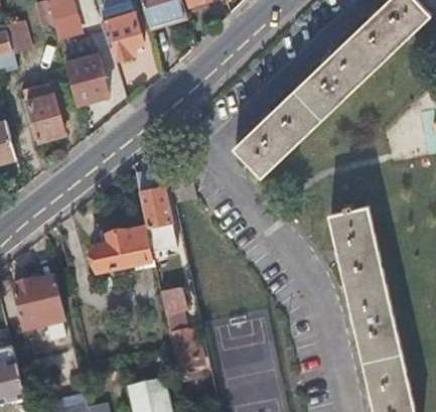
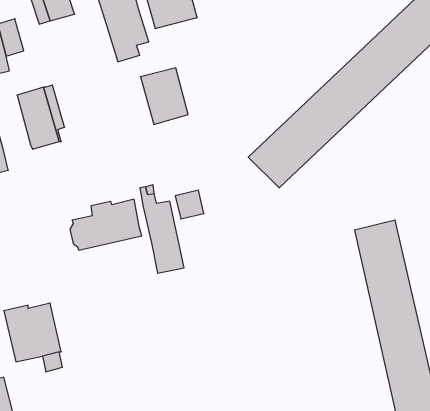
building: [65,52,109,104] -> [140,68,188,124]
building: [89,226,154,272] -> [70,199,142,250]
building: [162,287,201,373] -> none

